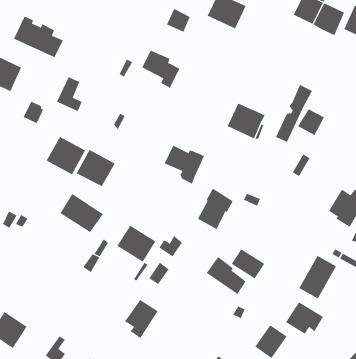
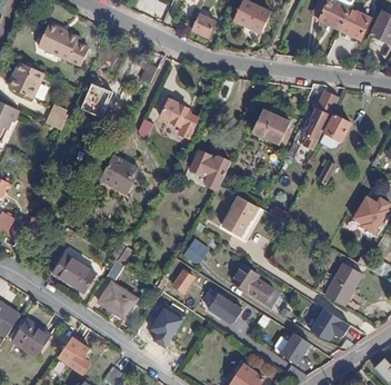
building: [141,50,180,88] -> [159,98,198,137]
building: [46,136,86,175] -> none
building: [60,193,104,233] -> [52,251,97,292]
building: [117,225,156,262] -> [97,280,137,318]
building: [231,248,265,279] -> [208,292,242,323]

